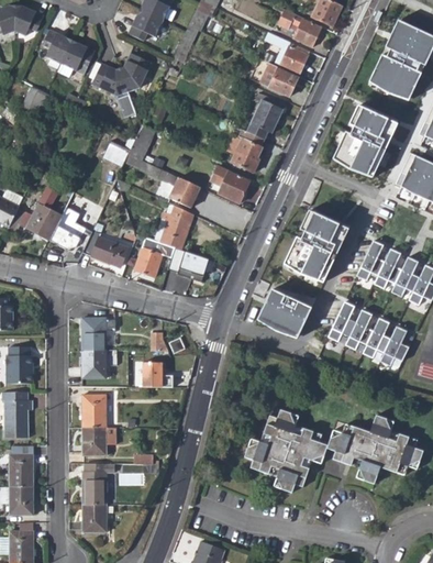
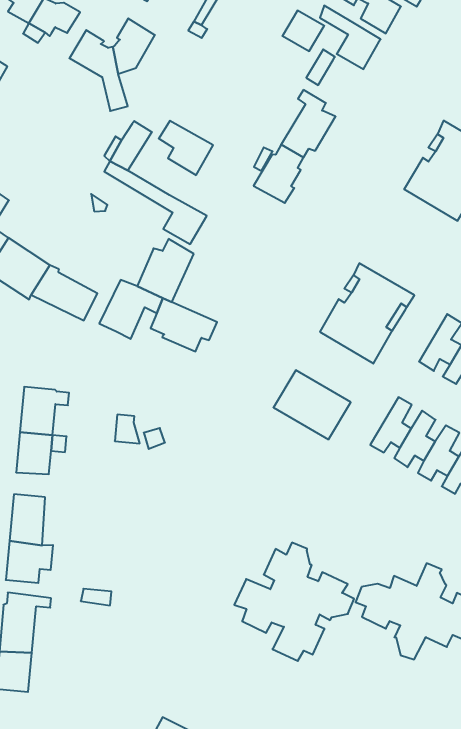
building: [268,68,297,96] -> [282,11,324,51]
building: [210,166,248,202] -> [159,121,213,175]
building: [143,362,173,387] -> none

